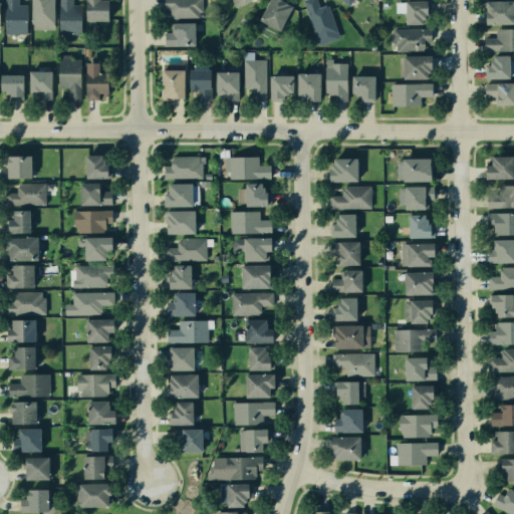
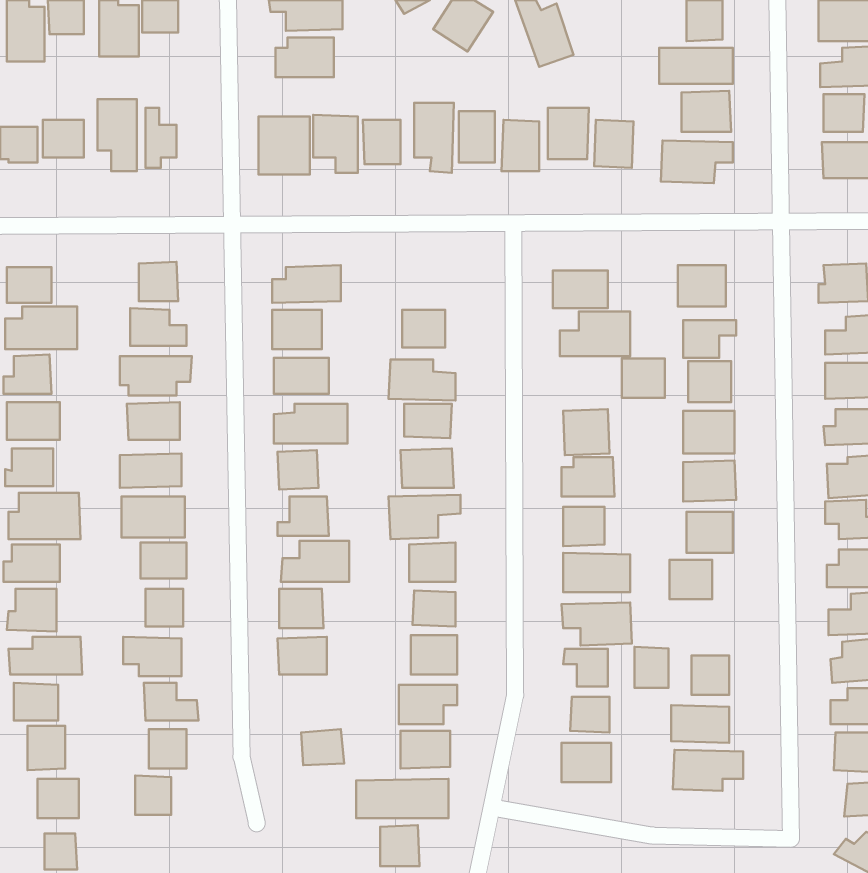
building: [228,157,272,180] -> none
building: [332,214,357,237] -> [622,359,665,398]
building: [404,356,424,380] -> [634,647,669,688]
building: [172,403,193,425] -> none
building: [79,484,106,508] -> none

